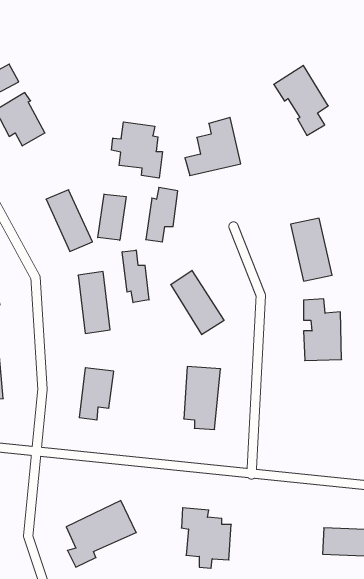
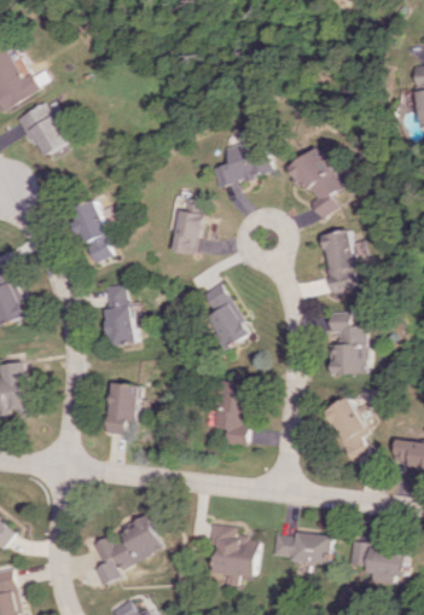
building: [274,65,328,135] -> [284,146,339,217]
building: [112,122,162,178] -> none
building: [98,194,126,240] -> none
building: [122,250,149,303] -> none
building: none -> [323,396,370,463]
building: none -> [271,533,331,562]

